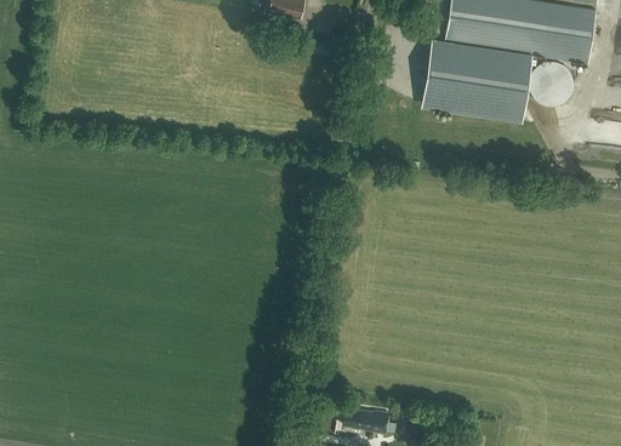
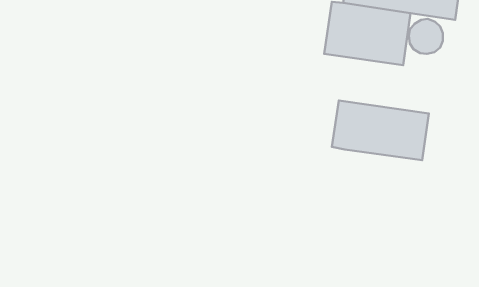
building: none -> [332,100,429,160]

